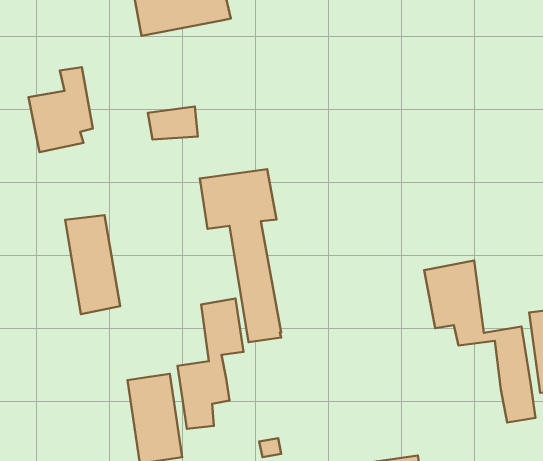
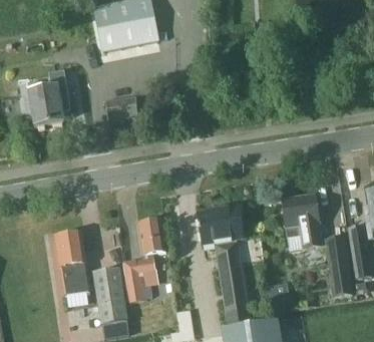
building: [200,169,281,342] -> [196,206,248,316]
building: [65,215,120,314] -> [55,233,90,296]

